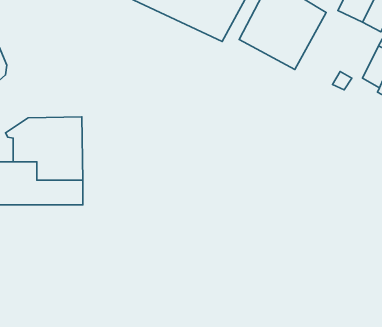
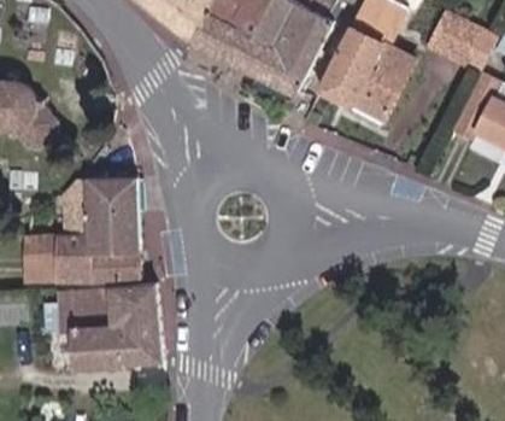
building: none -> [61,280,165,359]

